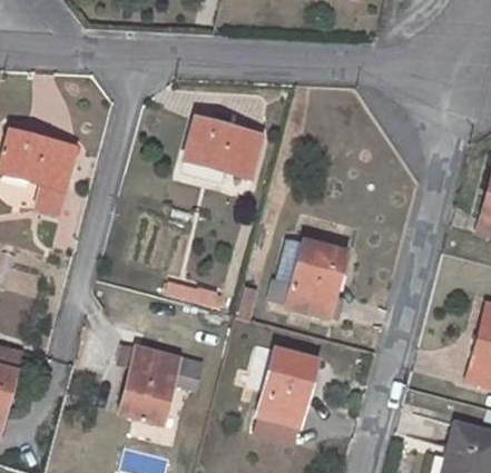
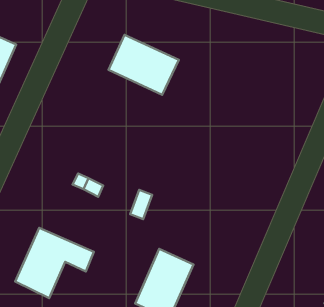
building: [286,240,344,318] -> none

